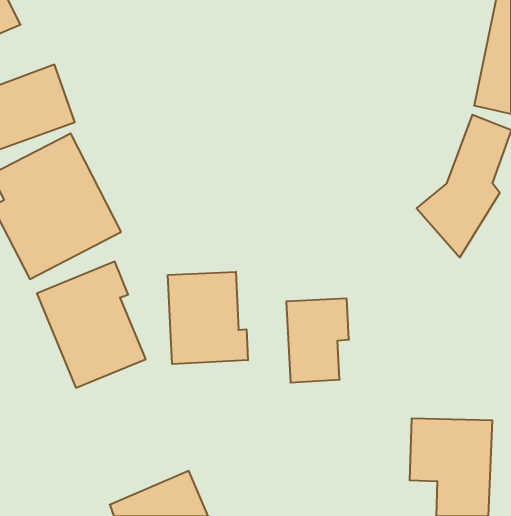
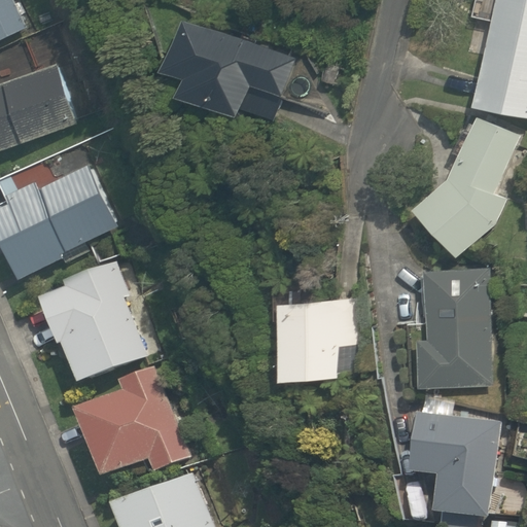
building: none -> [173,20,293,116]
building: none -> [412,265,482,383]
building: [168,272,248,364] -> none
building: none -> [77,367,187,484]

